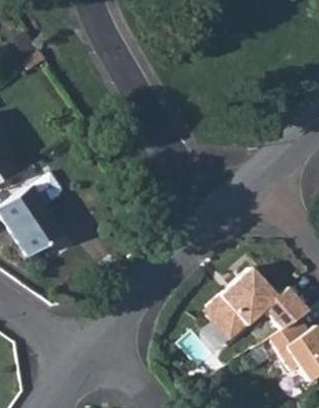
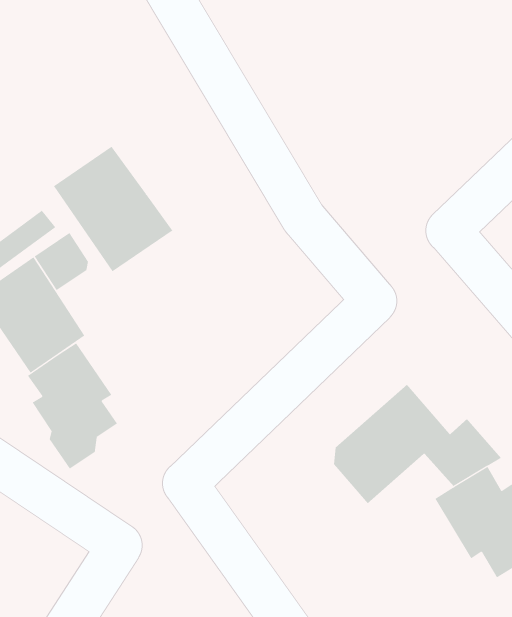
building: none -> [53,146,173,272]
building: none -> [27,343,118,469]

